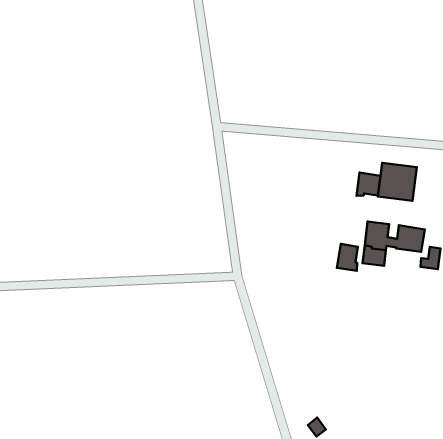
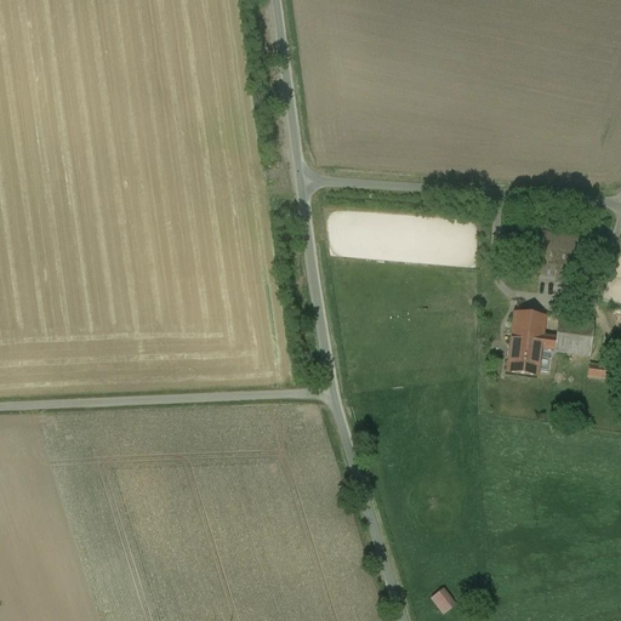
building: [357,173,381,196] -> none
building: [337,244,358,271] -> none

